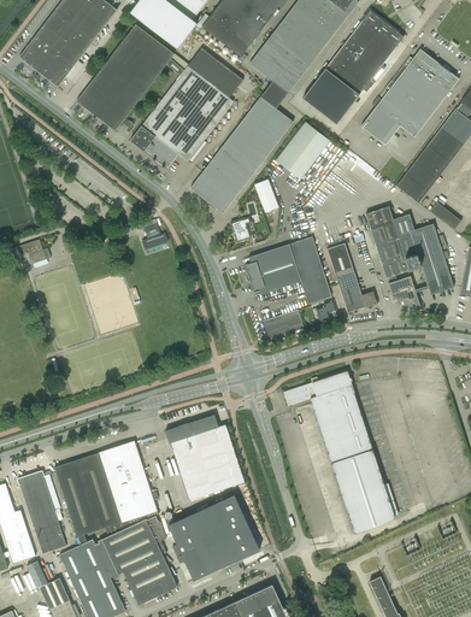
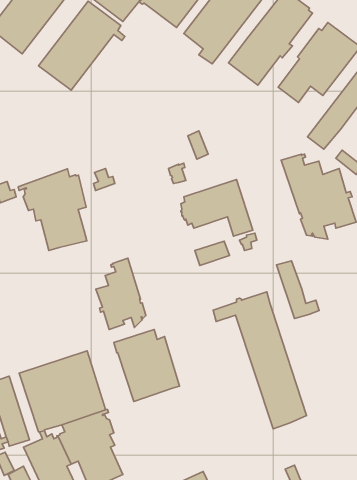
building: [130,47,243,168] -> none
building: [190,88,293,213] -> none
building: [276,122,330,178] -> none
building: none -> [18,169,87,250]
building: [326,243,377,312] -> [276,261,319,319]
building: none -> [96,258,146,330]
building: [166,494,260,580] -> none

